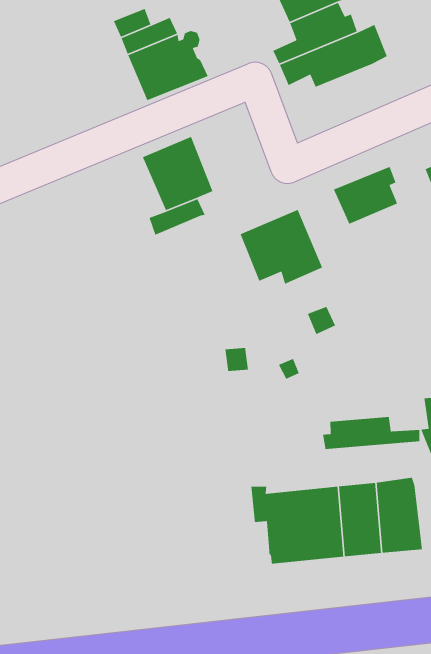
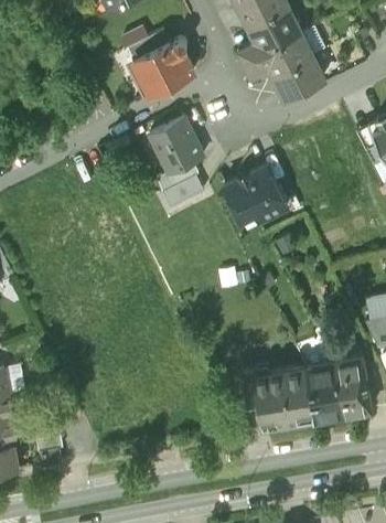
building: [333,166,398,225] -> [272,57,321,103]
building: none -> [162,177,204,209]
building: [322,416,420,450] -> none

